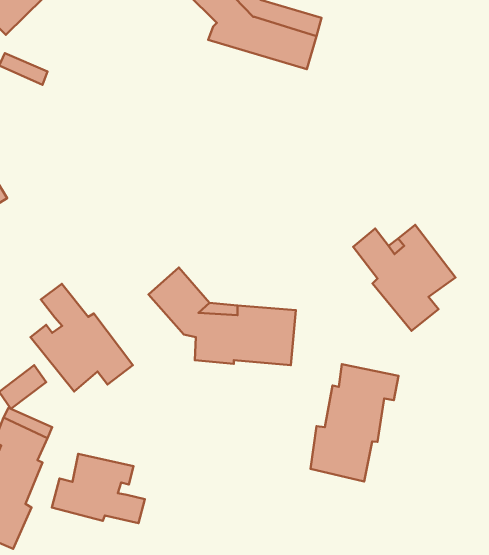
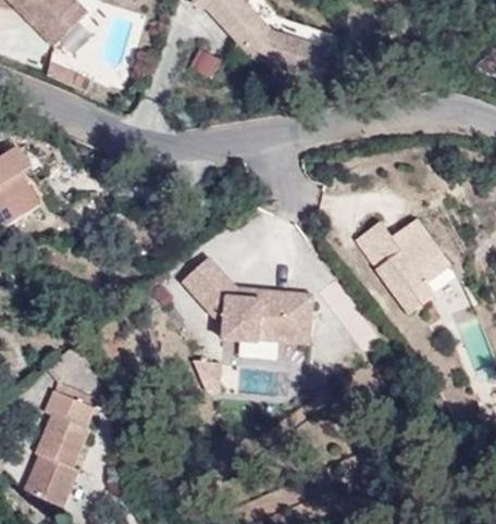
building: [31,284,133,392] -> none
building: [310,364,399,481] -> none
building: [52,454,145,523] -> none

